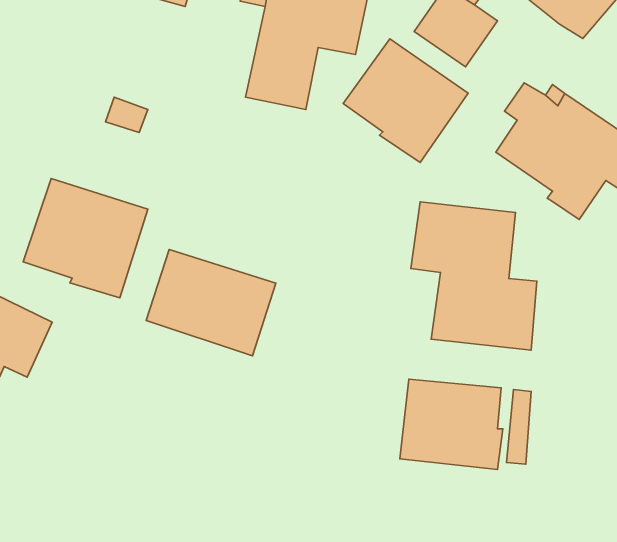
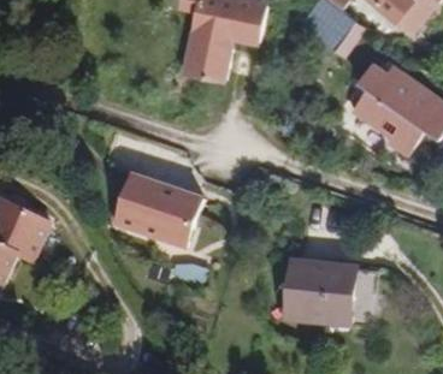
building: [343,39,468,162] -> none
building: [23,179,148,298] -> none
building: [411,202,537,350] -> none

